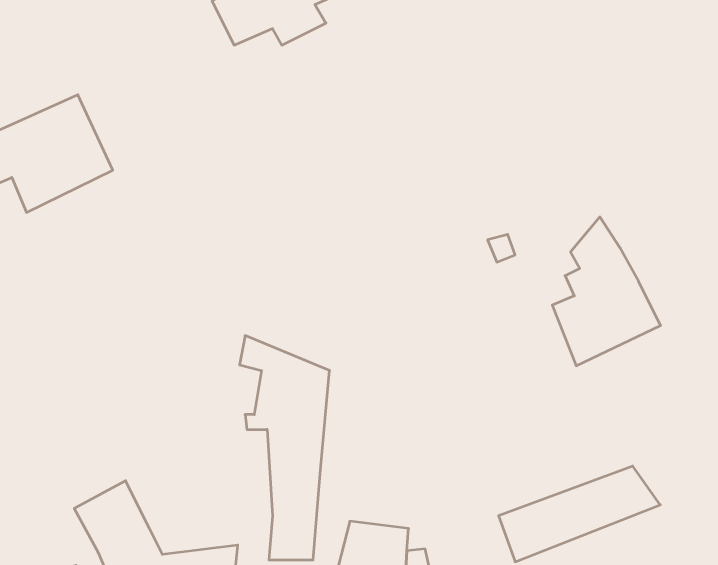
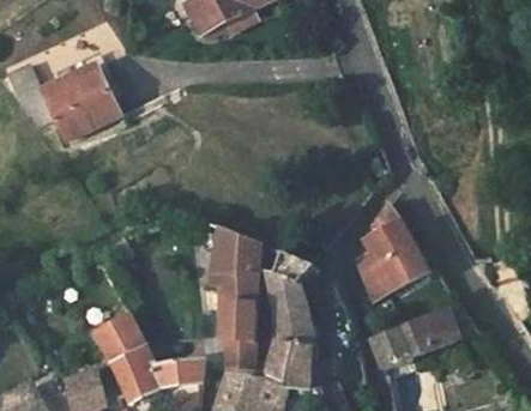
building: [552,217,661,366] -> [356,200,427,297]
building: none -> [267,253,316,346]

